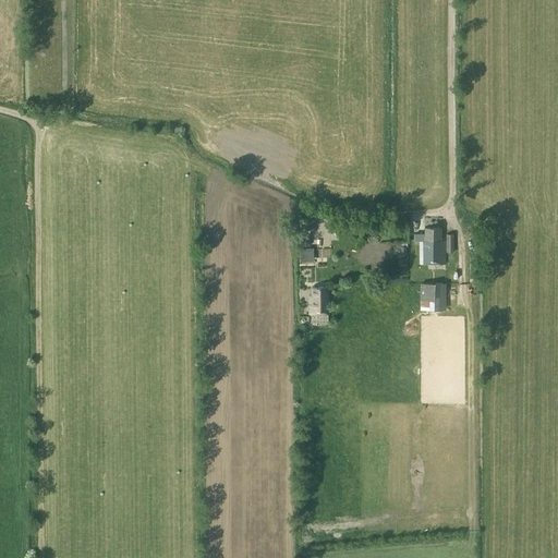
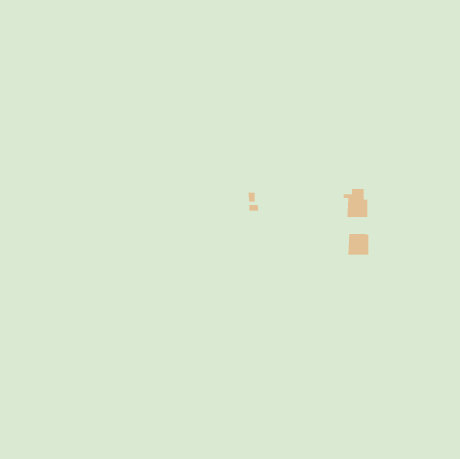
building: [308,288,329,316] -> none

